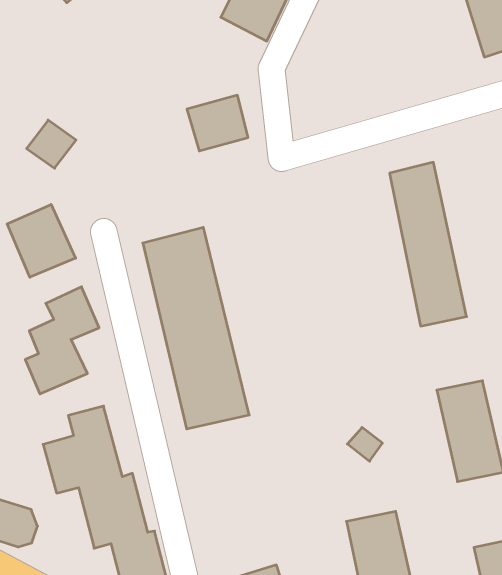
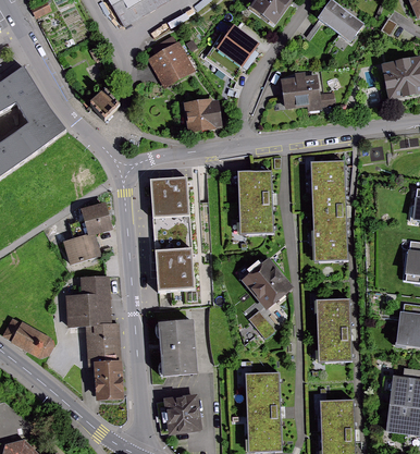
building: none -> [148,44,194,89]
building: none -> [280,75,320,108]
building: none -> [234,171,268,233]
building: [7,204,76,277] -> none
building: none -> [239,258,284,305]
building: none -> [160,317,203,373]

